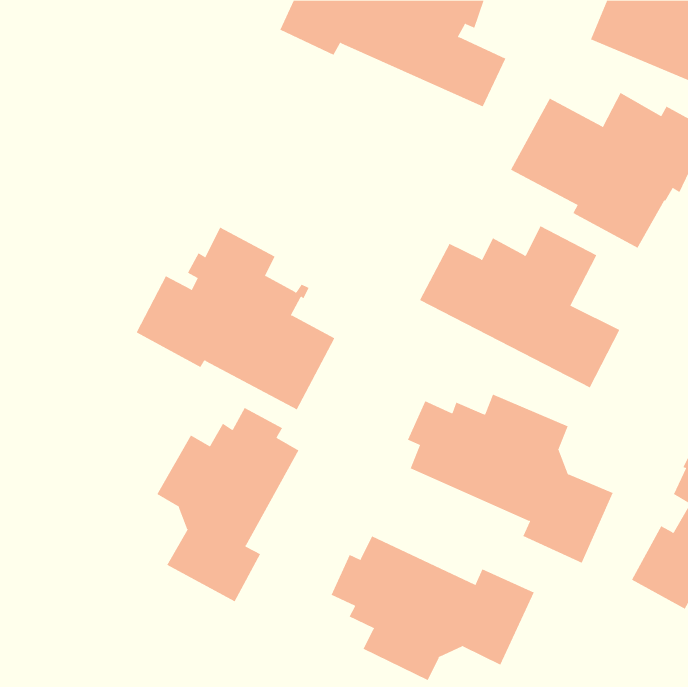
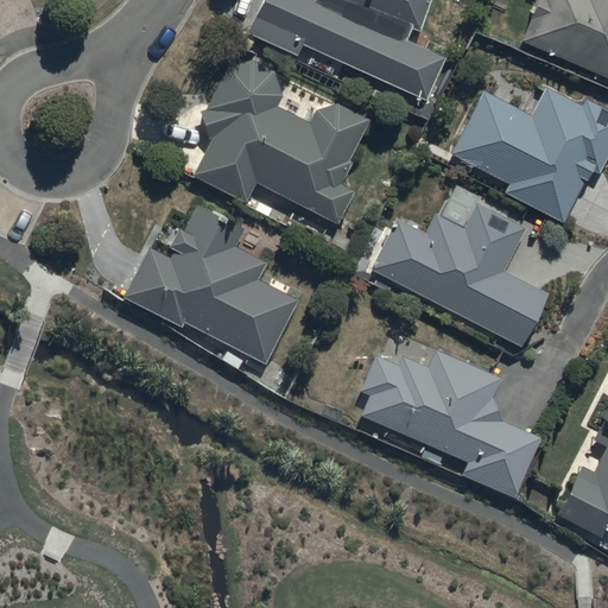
building: none -> [194,61,370,224]
building: [156,407,299,602] -> none
building: [331,536,535,681] -> none

